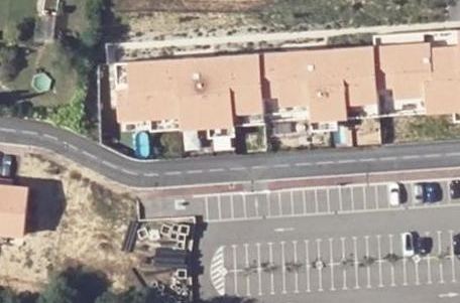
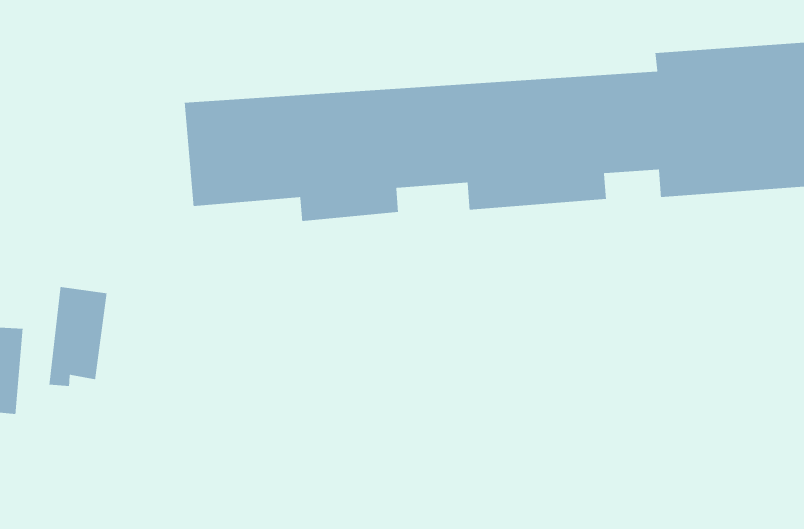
building: none -> [48,286,108,387]

